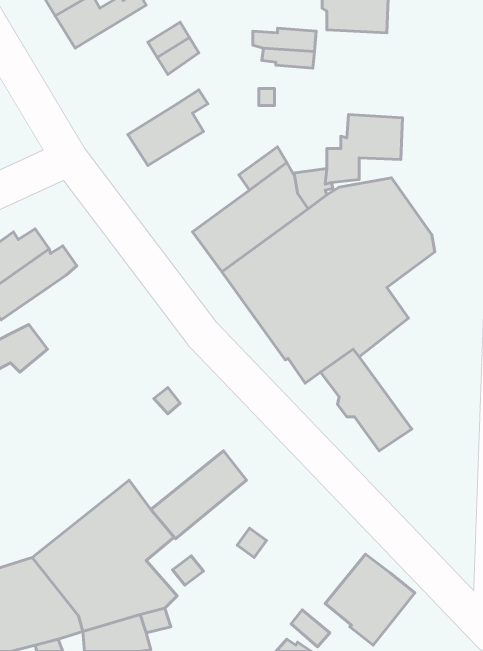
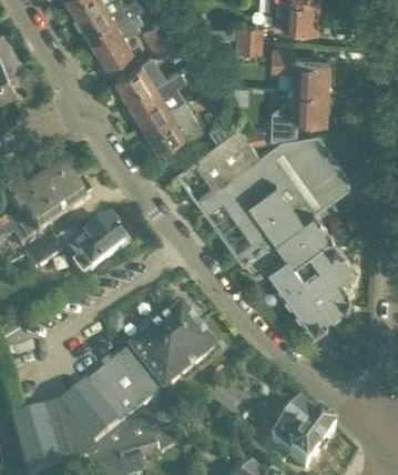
building: none -> [90,12,141,63]
building: none -> [113,57,163,102]
building: none -> [283,58,327,90]
building: none -> [142,100,188,148]
building: none -> [67,220,129,280]
building: none -> [294,234,349,314]
building: none -> [127,309,196,372]

